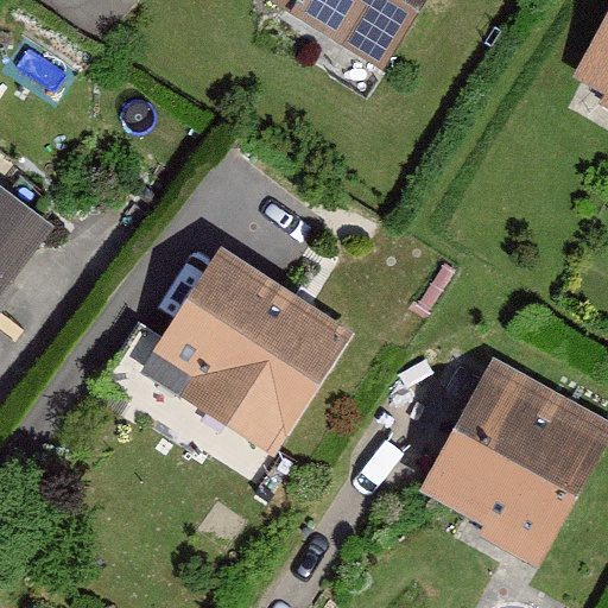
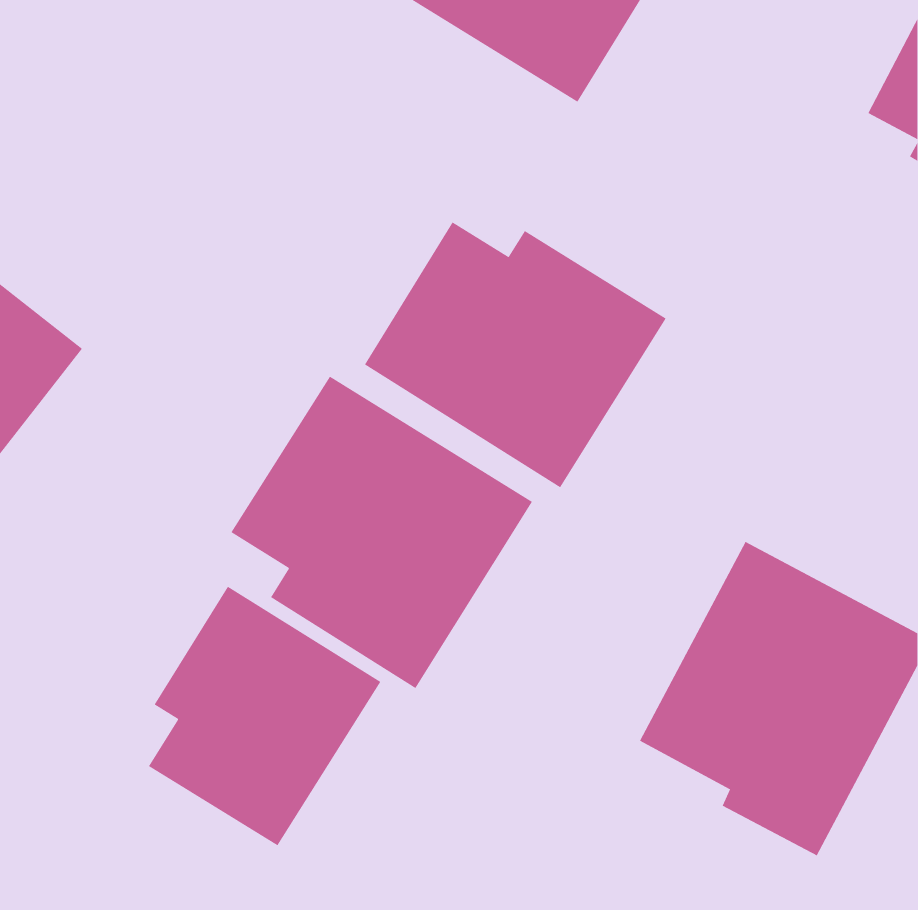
building: none -> [364,222,667,488]
building: none -> [148,586,381,846]

